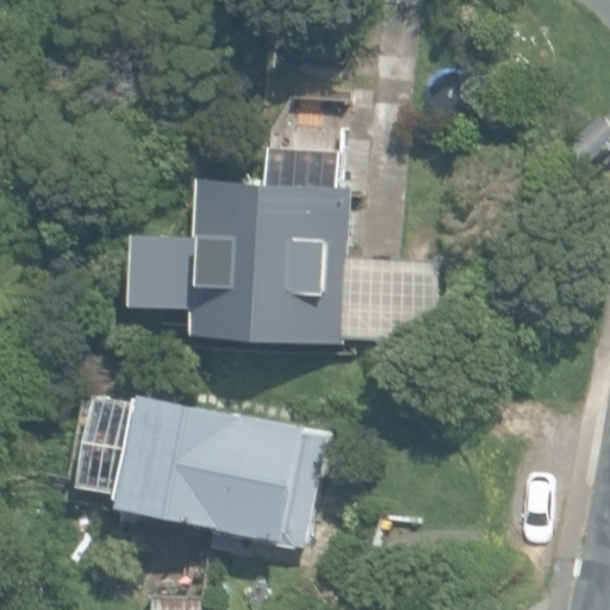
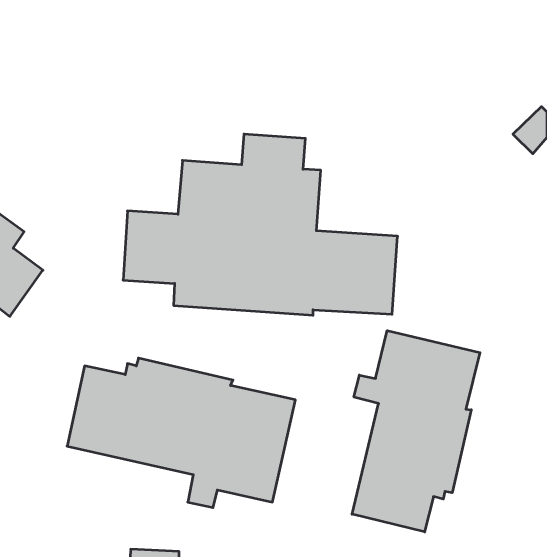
building: none -> [352,331,480,532]

